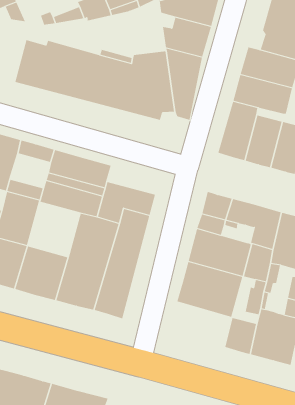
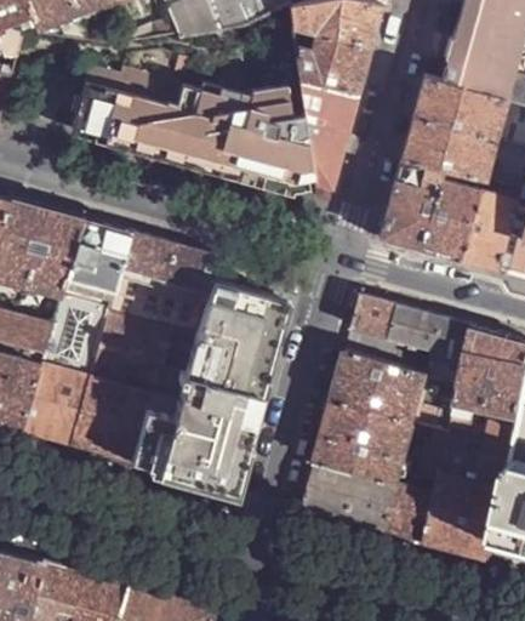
building: none -> [65,239,127,291]
building: none -> [92,312,172,395]
building: none -> [306,462,401,531]

